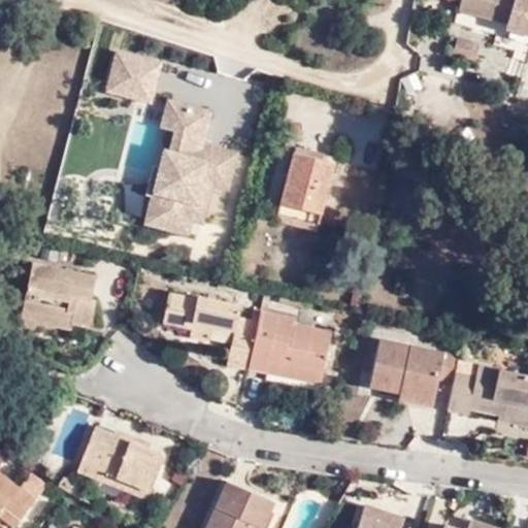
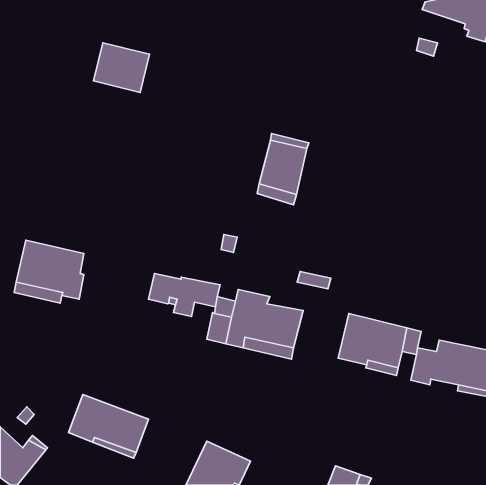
building: [148,100,240,232] -> none

